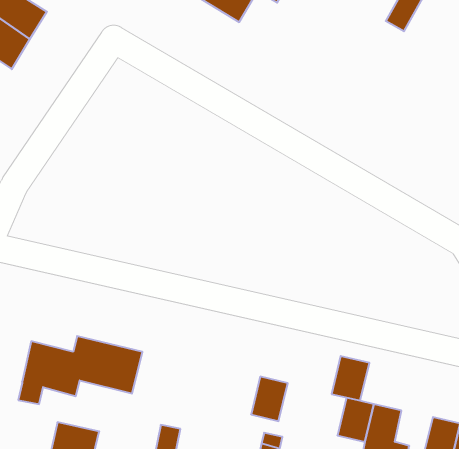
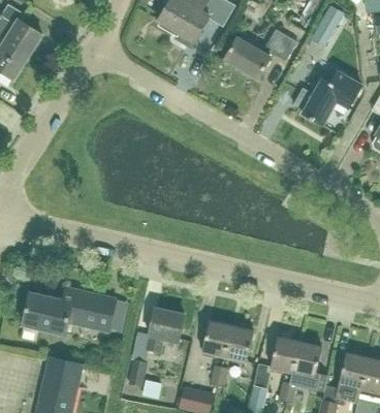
building: none -> [224,28,297,77]
building: none -> [293,71,361,124]
building: [332,356,369,401] -> [224,325,254,360]
building: none -> [147,308,185,351]

